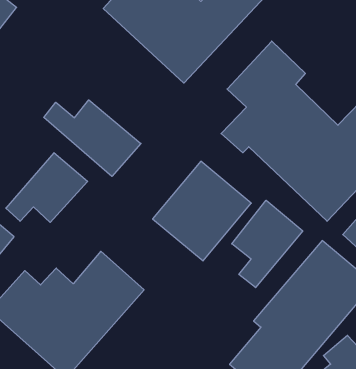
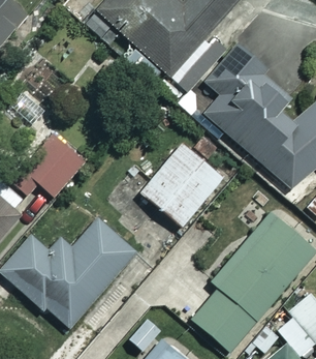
building: [44,100,141,176] -> none
building: [232,200,303,288] -> none

